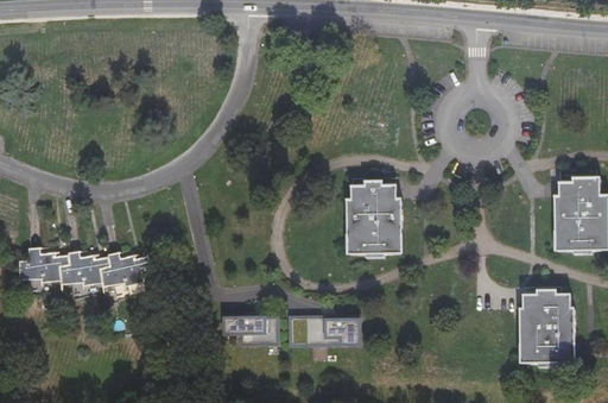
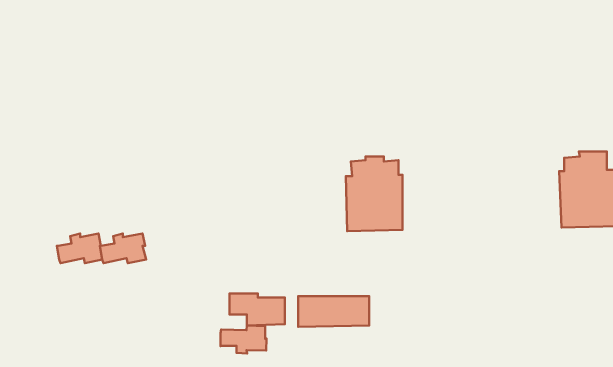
building: [23,256,66,284] -> none
building: [519,290,575,361] -> none
building: none -> [221,326,267,353]

